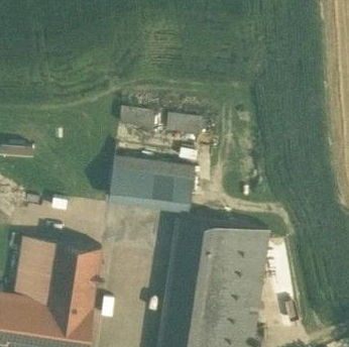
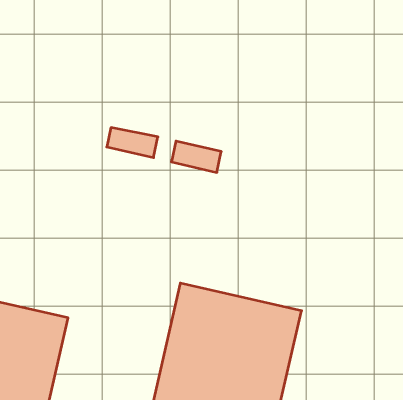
building: [108,144,197,214] -> none

